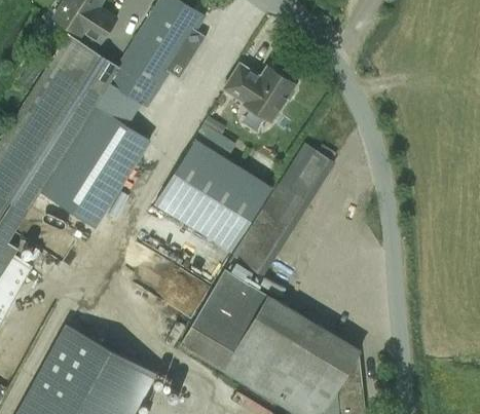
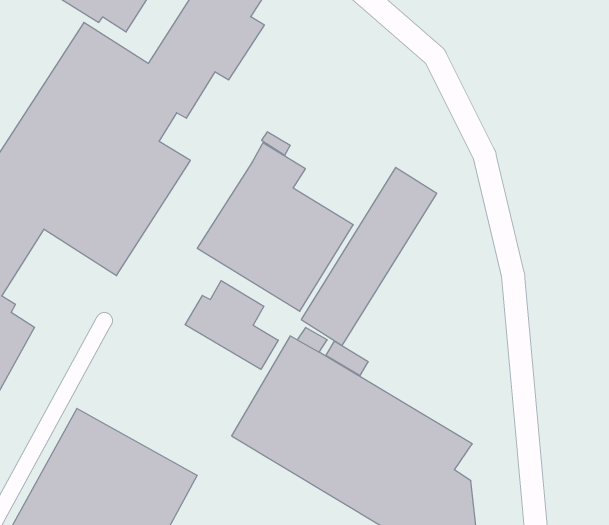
building: [223,65,294,121] -> none
building: none -> [185,281,278,369]

